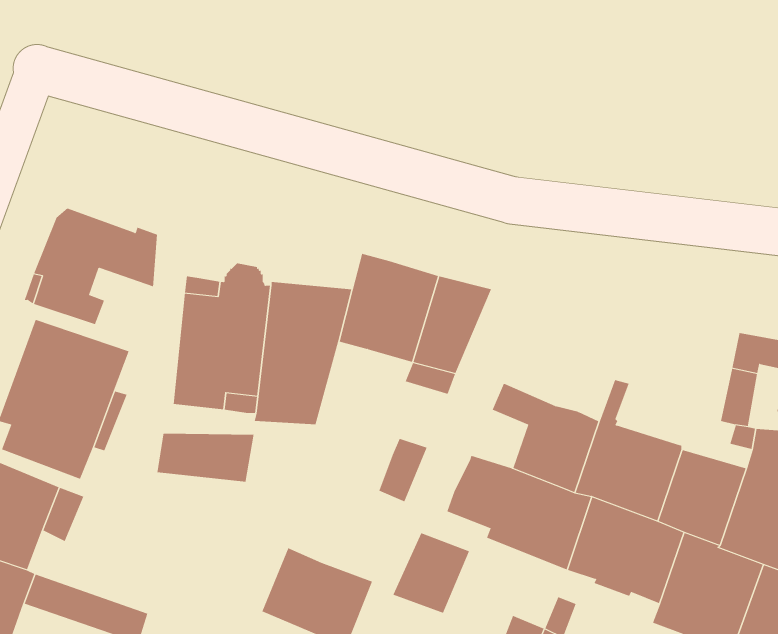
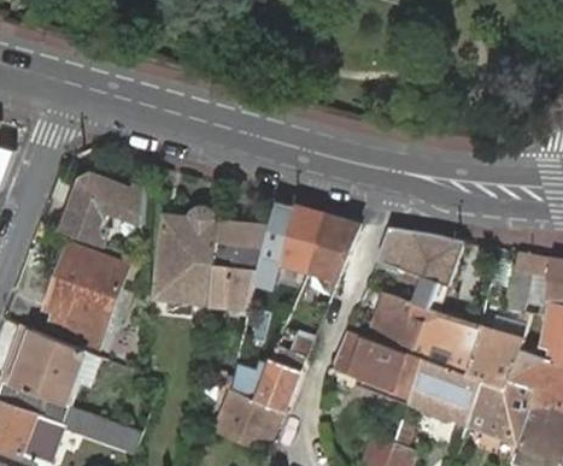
building: none -> [376,228,463,309]
building: [157,433,254,483] -> none
building: [393,532,470,614] -> [251,360,300,412]

